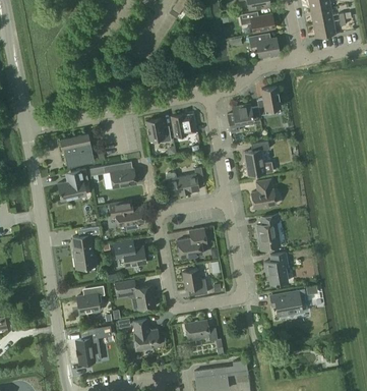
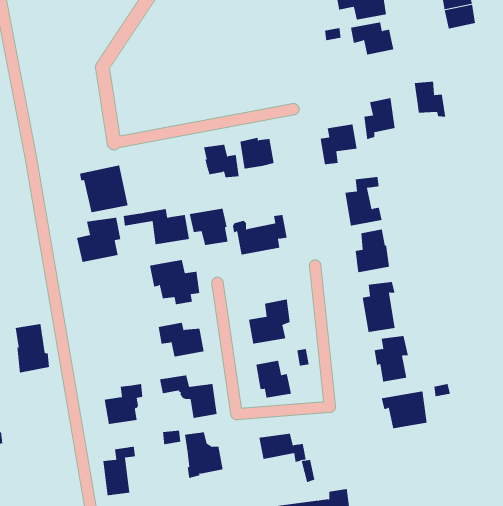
building: none -> [414,81,446,117]
building: none -> [189,208,228,246]
building: [72,234,97,269] -> [15,324,50,373]

